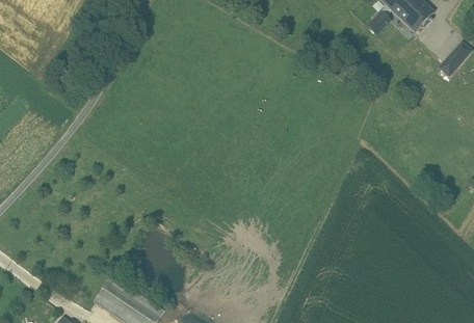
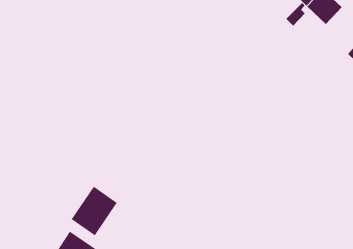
building: none -> [71,186,118,236]

